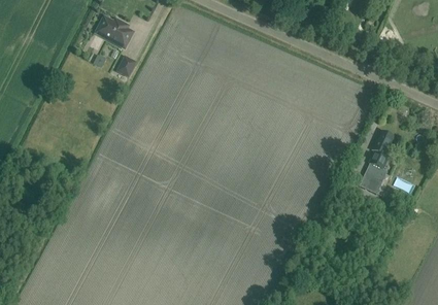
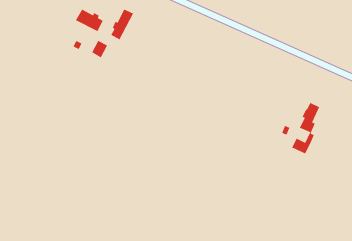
building: none -> [110,9,134,40]

